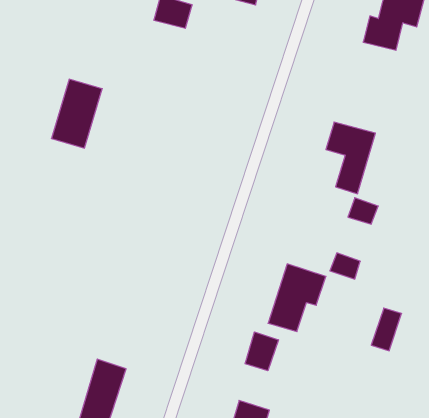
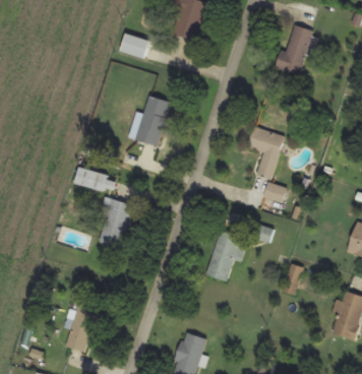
building: [51,79,102,148] -> [135,95,173,145]
building: none -> [75,166,110,191]
building: none -> [99,197,134,247]
building: [245,332,278,371] -> none

